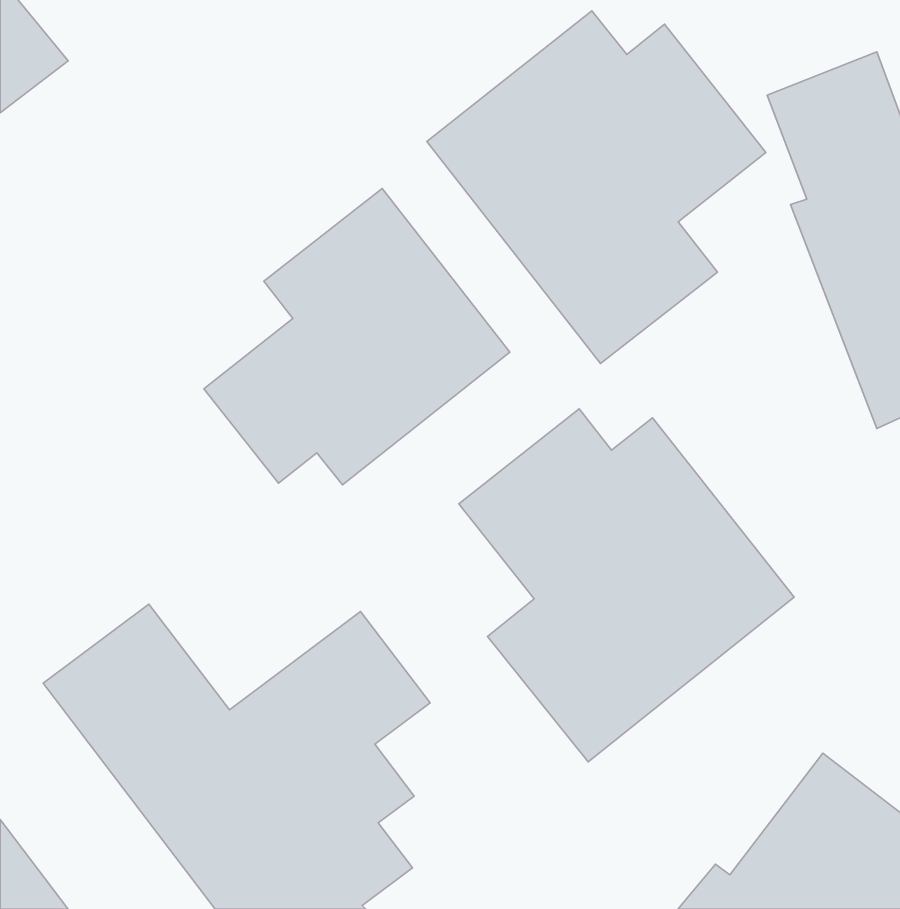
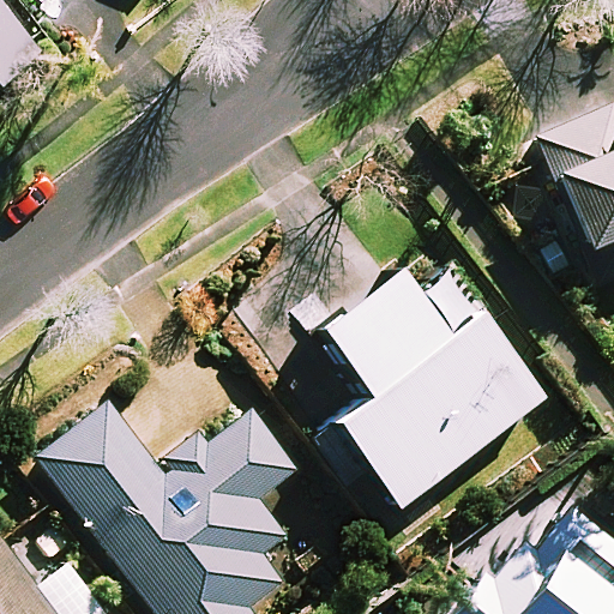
building: [427,11,766,363] -> none
building: [204,188,510,485] -> none

